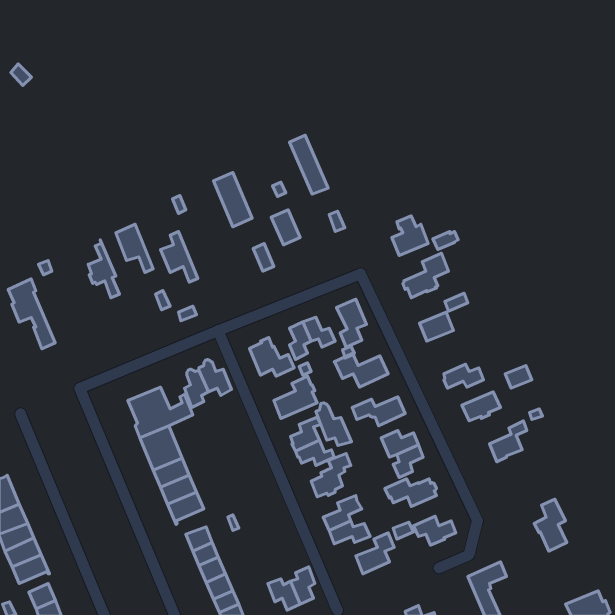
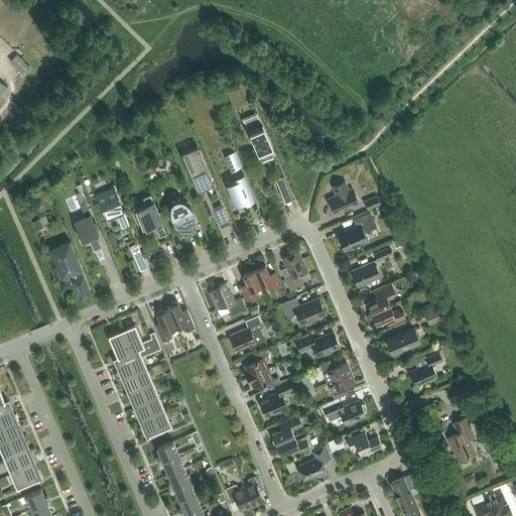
building: none -> [169,199,195,230]
building: [8,279,55,349] -> [50,241,90,299]
building: none -> [366,285,395,313]
building: [316,403,351,446] -> none

